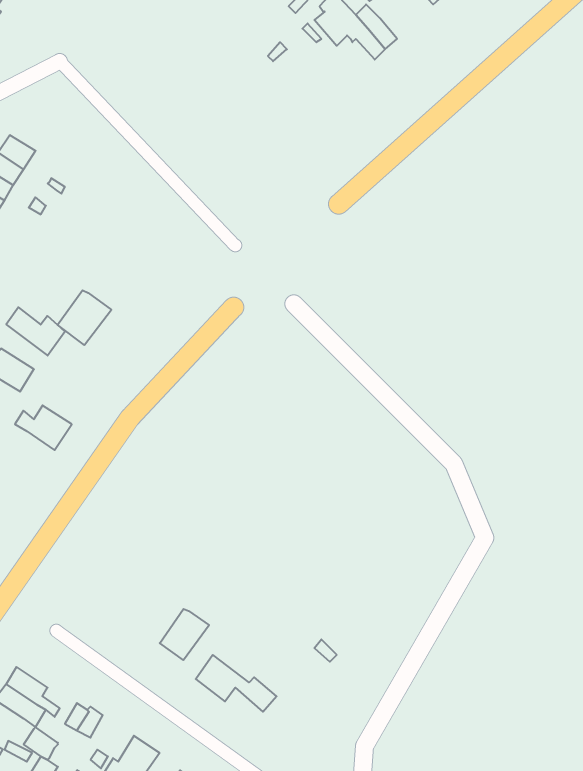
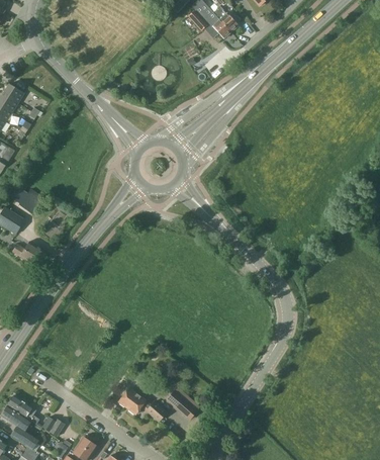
building: [57,290,111,345] -> none
building: [160,609,209,660] -> none
building: none -> [166,387,199,420]

